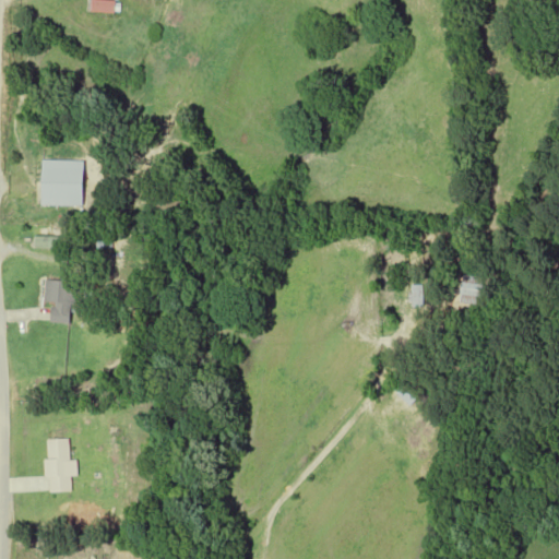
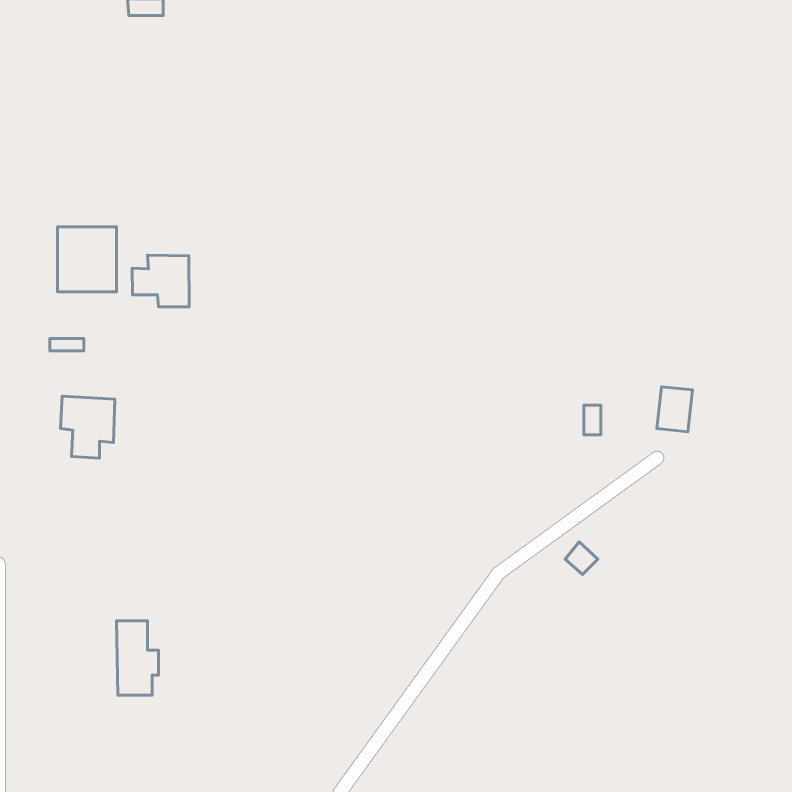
building: none -> [132,255,189,307]
building: [46,439,75,491] -> [116,621,158,695]

